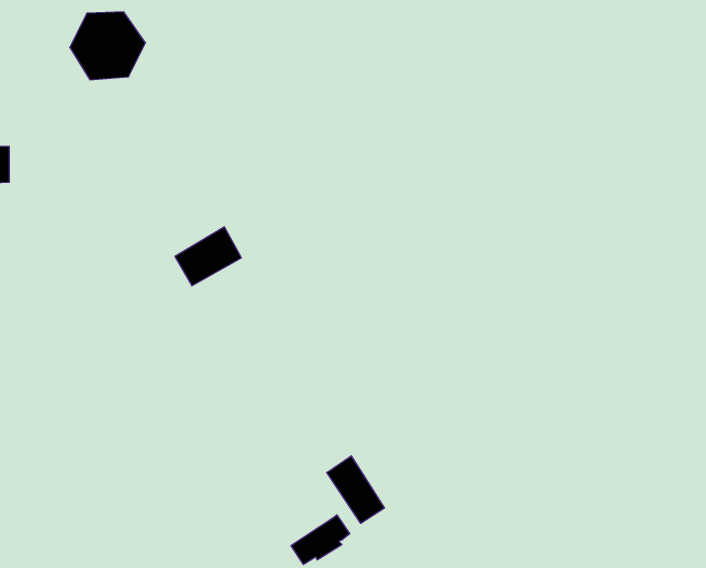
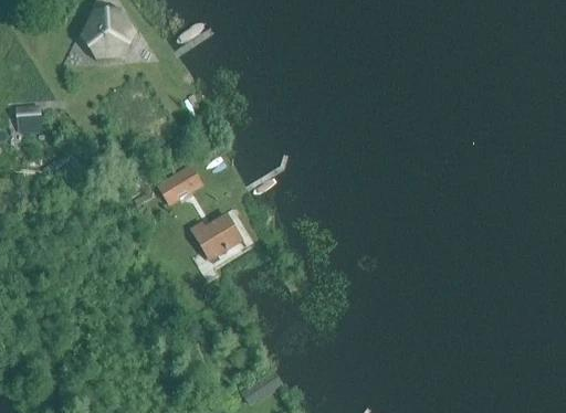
building: none -> [190,215,240,258]
building: [327,456,385,523] -> none

